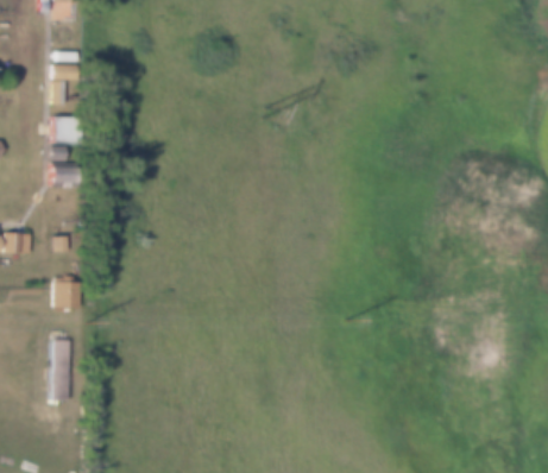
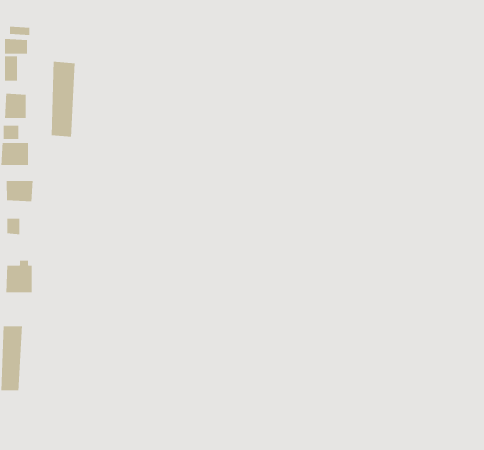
building: none -> [51,61,75,138]
building: none -> [6,180,33,202]

